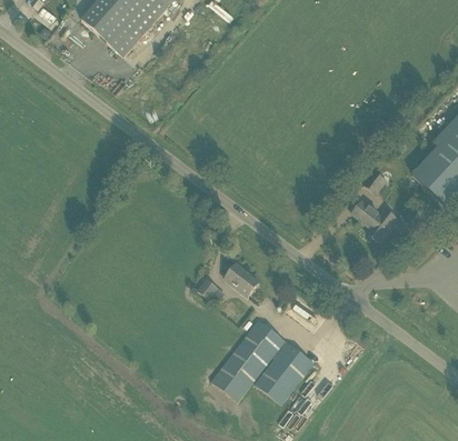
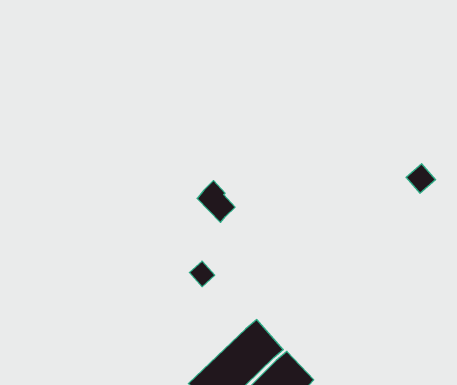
building: [352,199,398,240] -> none
building: [226,261,258,294] -> [197,181,235,222]

